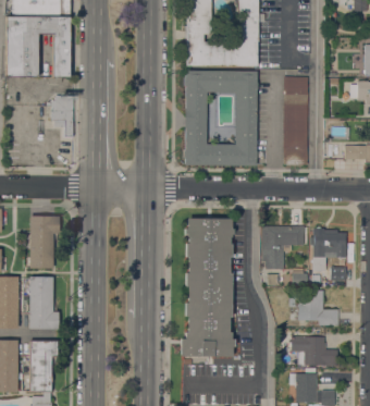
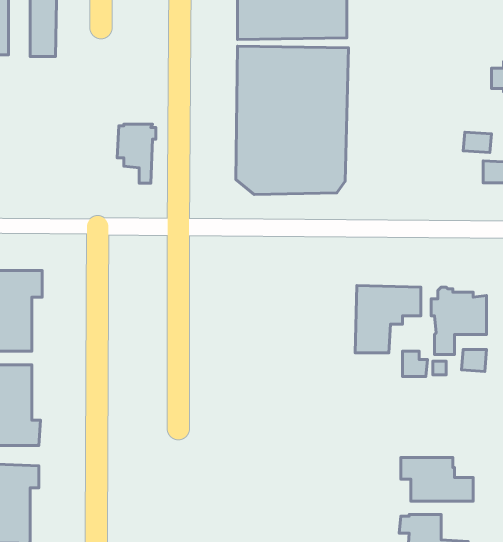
building: [284,77,308,163] -> none
building: [51,99,76,137] -> [117,124,156,183]
building: [172,218,235,357] -> none
building: [289,290,338,325] -> none

